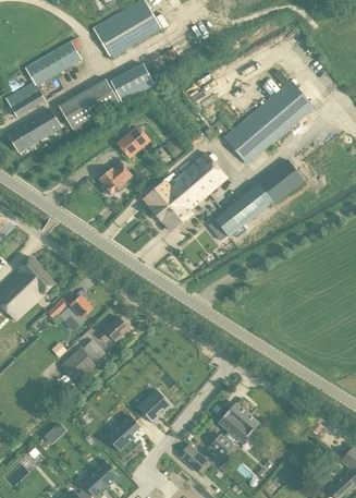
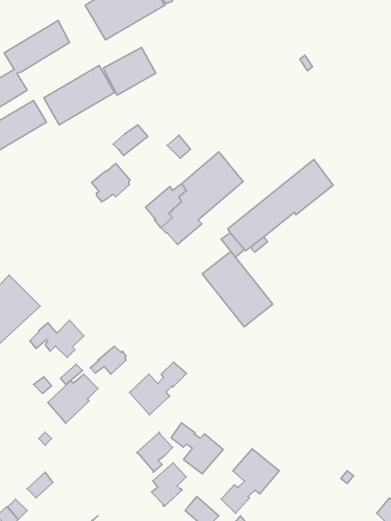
building: [224,80,314,162] -> none
building: none -> [202,251,273,327]
building: none -> [130,362,186,415]
building: none -> [171,423,223,474]
building: [109,415,138,452] -> [151,463,186,506]

